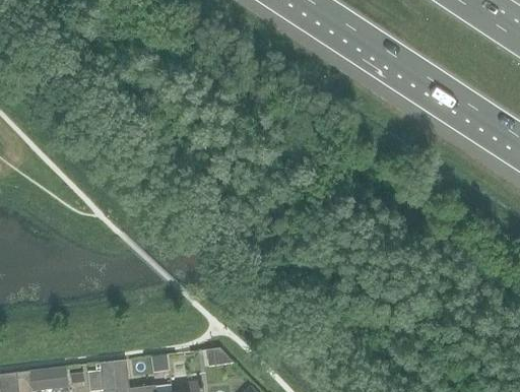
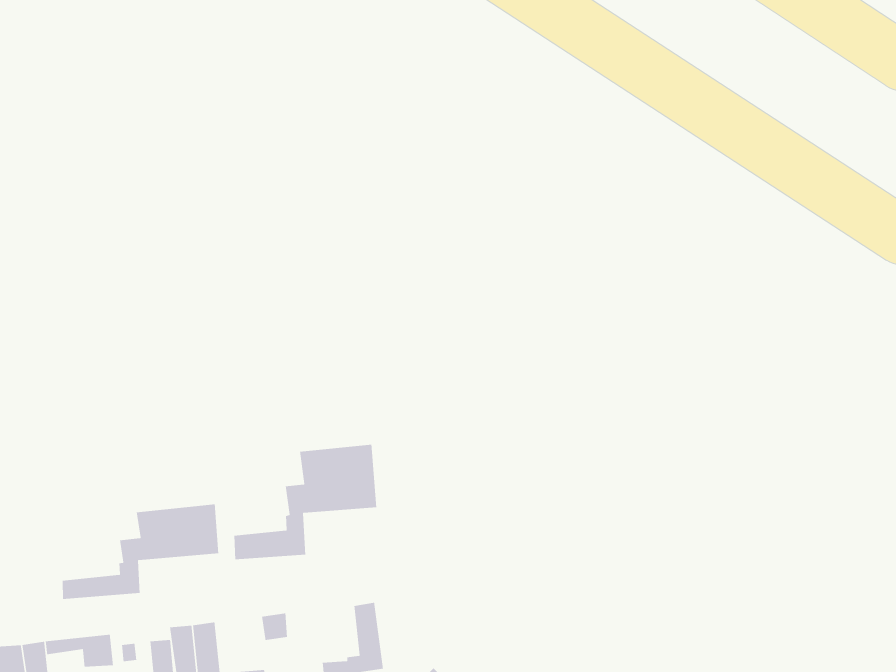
building: none -> [234,444,377,560]
building: none -> [62,504,219,600]

